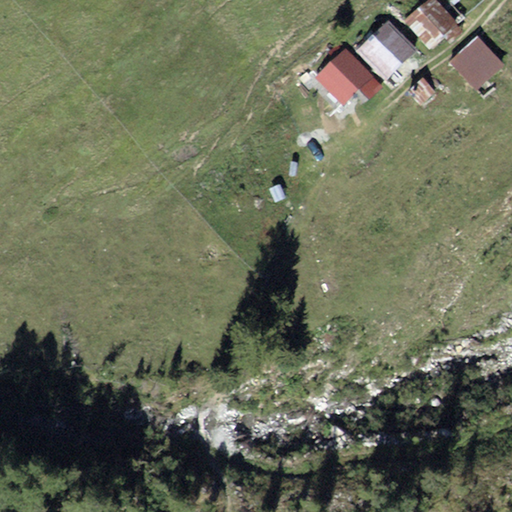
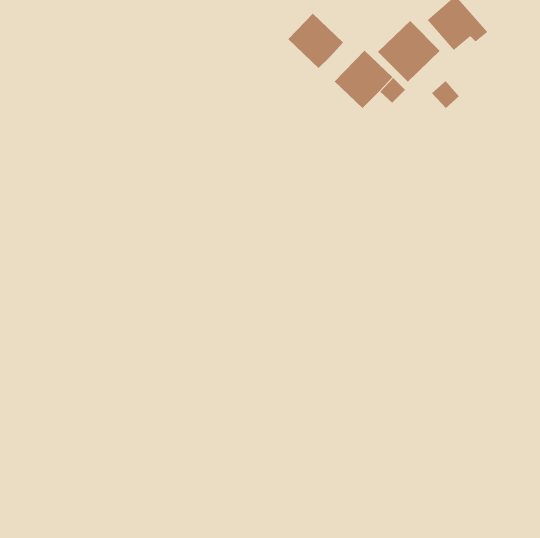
building: none -> [288,13,344,69]
building: [449,35,505,90] -> none

